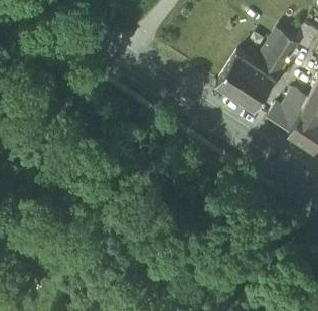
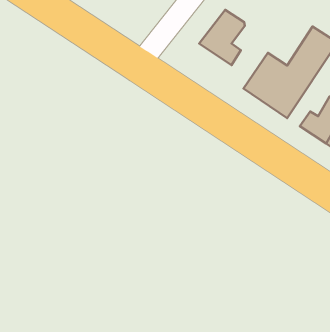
building: none -> [199,10,245,65]

